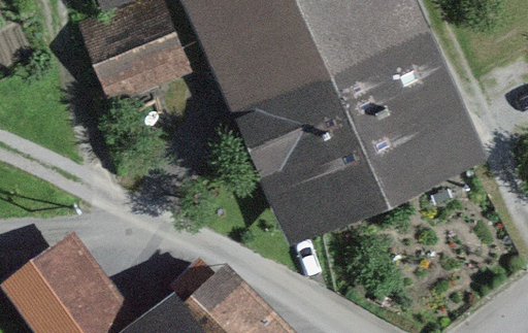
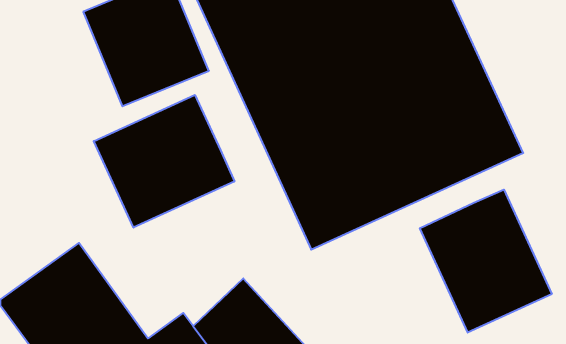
building: none -> [94,95,234,228]
building: none -> [420,190,552,333]

